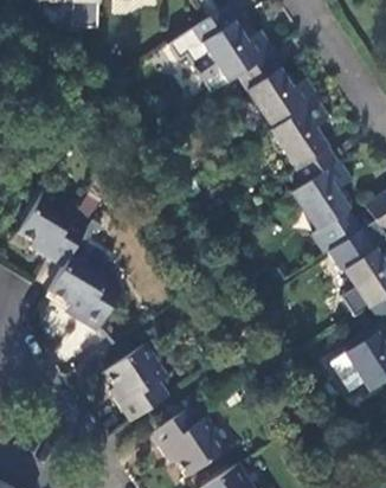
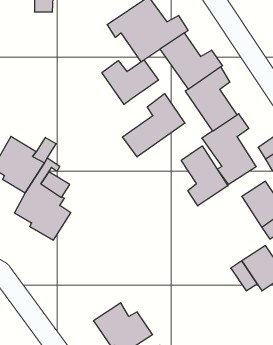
building: none -> [102,60,158,104]
building: none -> [123,94,185,157]
building: none -> [181,146,228,206]
building: [105,346,167,418] -> none

